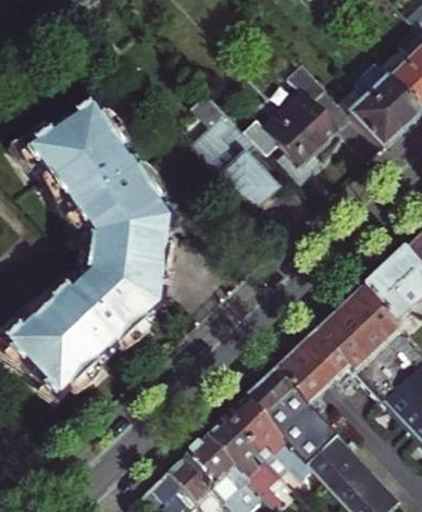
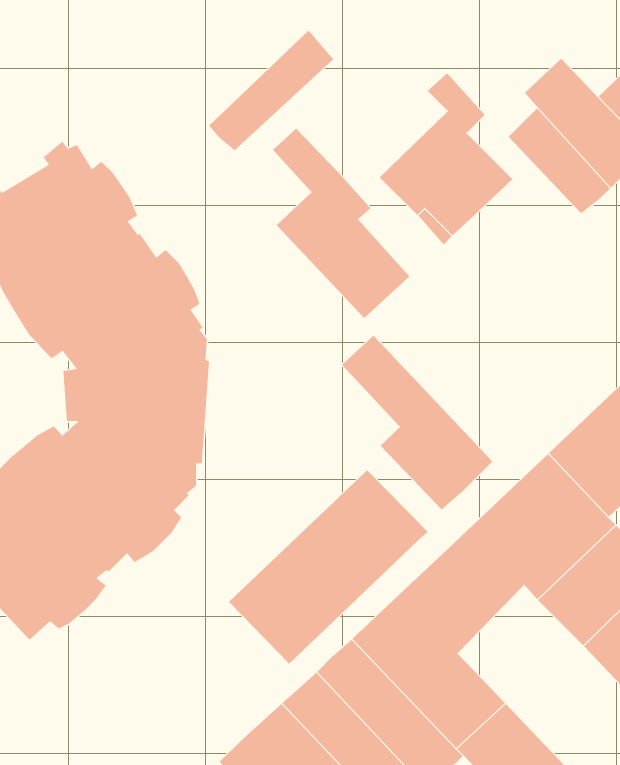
building: none -> [208,30,334,151]
building: none -> [341,335,493,511]
building: none -> [228,469,428,665]

